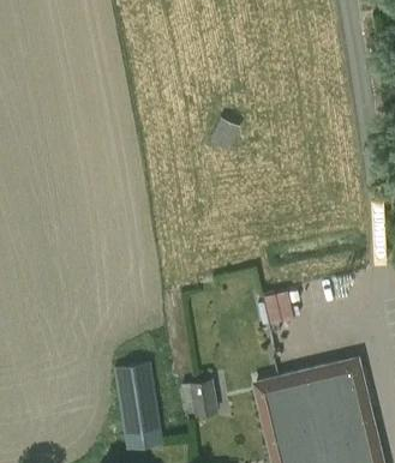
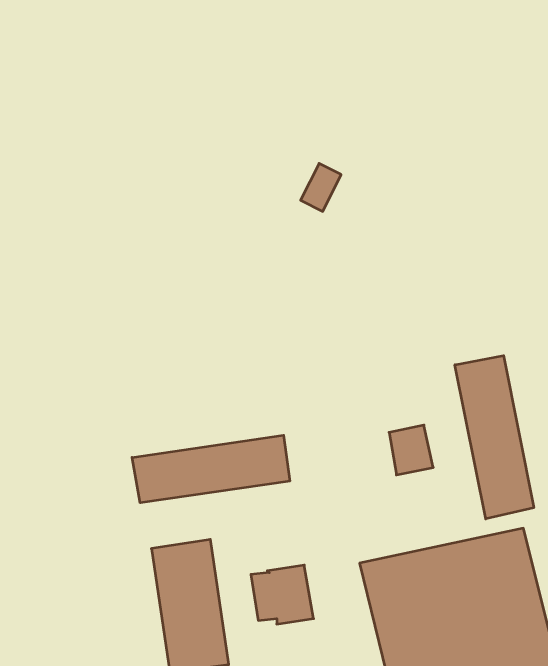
building: none -> [455,356,534,519]
building: none -> [132,435,290,503]

